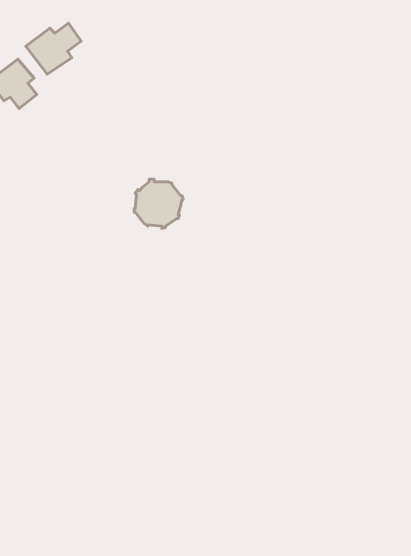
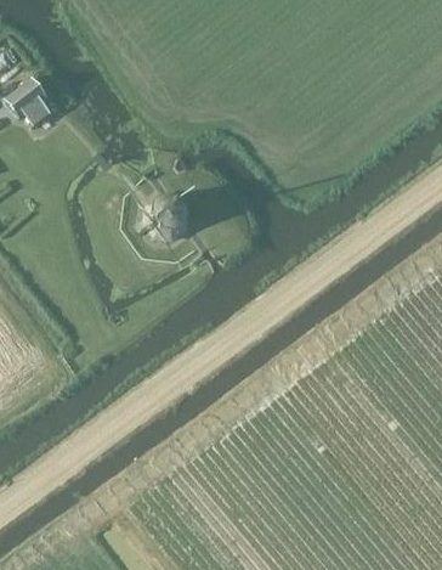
building: [26,23,81,74] -> none

